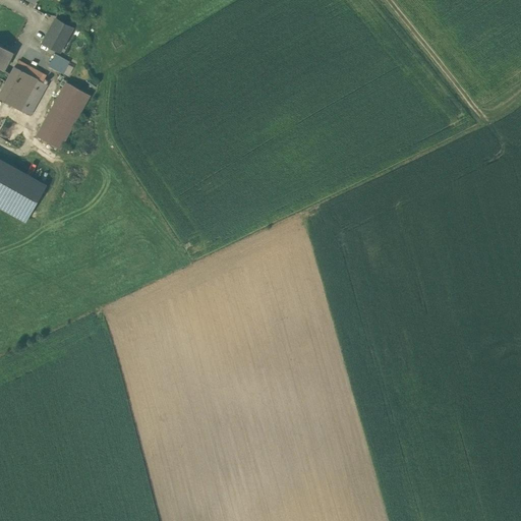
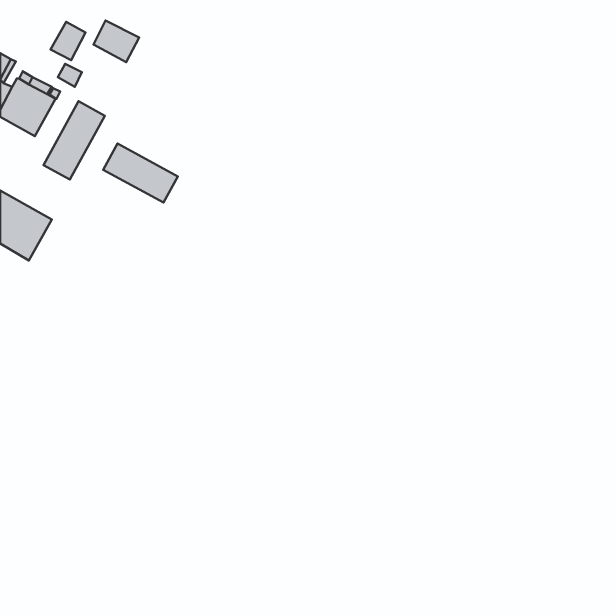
building: none -> [93,21,139,62]
building: none -> [103,144,178,203]

